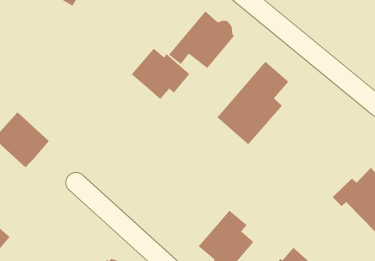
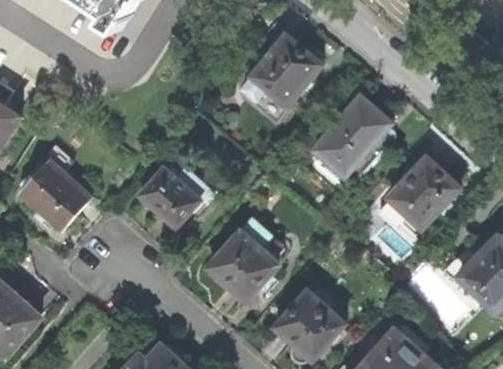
building: [131,48,190,100] -> [139,162,213,227]
building: none -> [377,154,459,236]
building: none -> [207,218,282,300]

